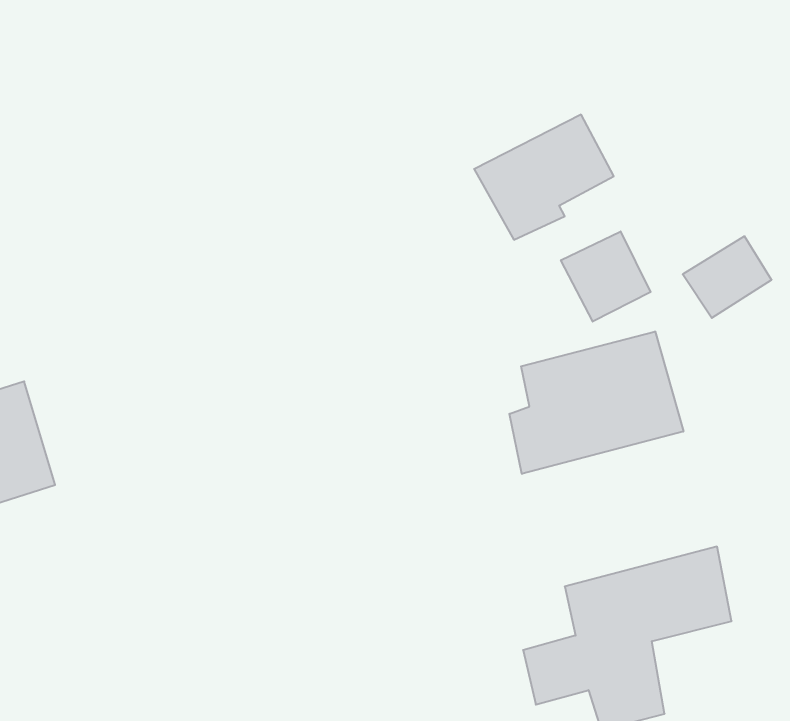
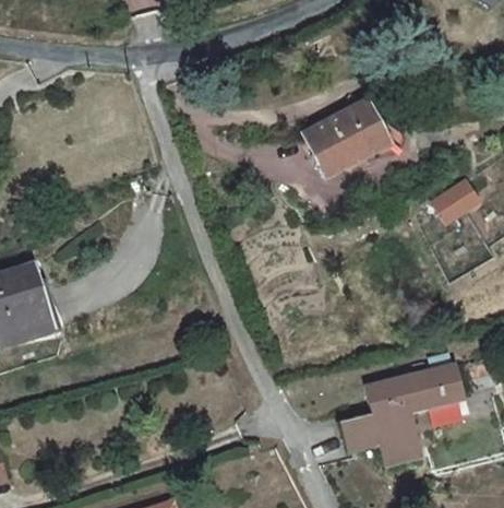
building: [561,231,651,322] -> none
building: [509,331,683,474] -> none

